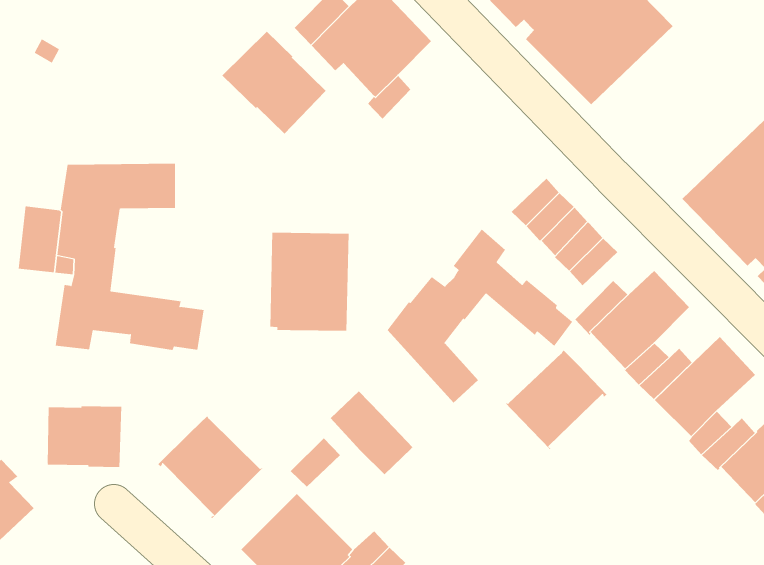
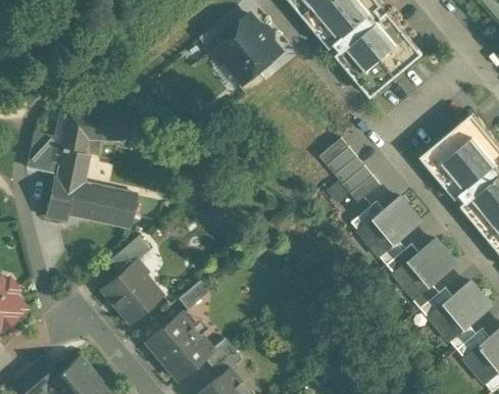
building: [221,31,327,134] -> none
building: [387,228,575,404] -> none
building: [270,232,349,331] -> none
building: [503,350,608,450] -> none
building: none -> [111,237,151,273]
building: [330,391,413,475] -> none
building: [46,405,122,468] -> none

